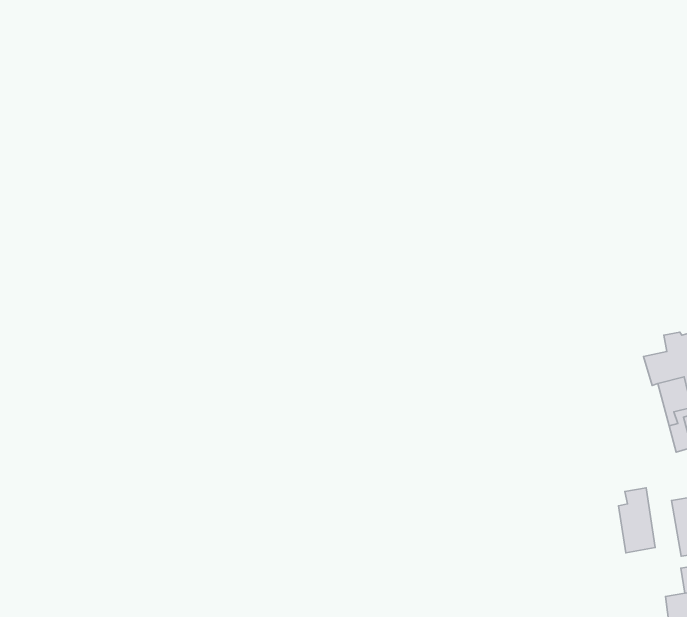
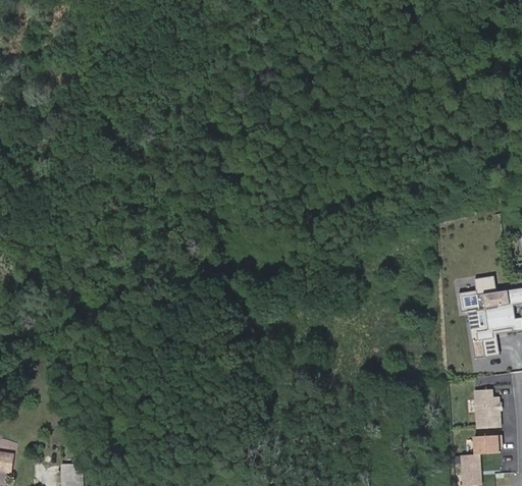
building: [618,488,655,553] -> none

